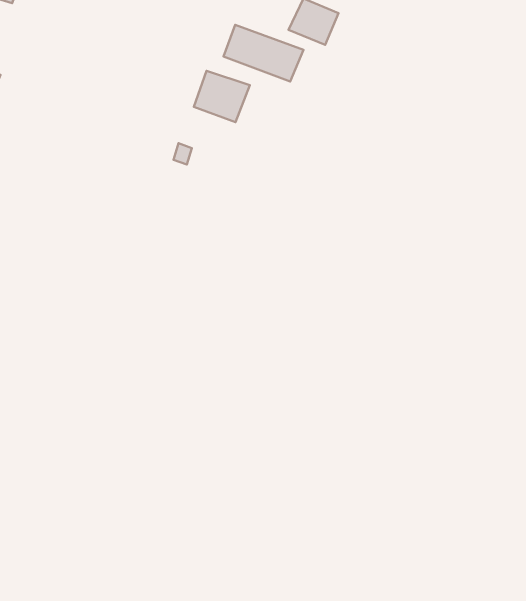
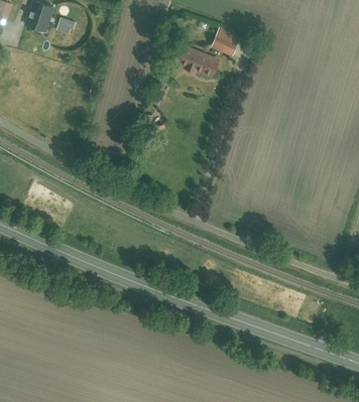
building: [194,71,250,122] -> none

